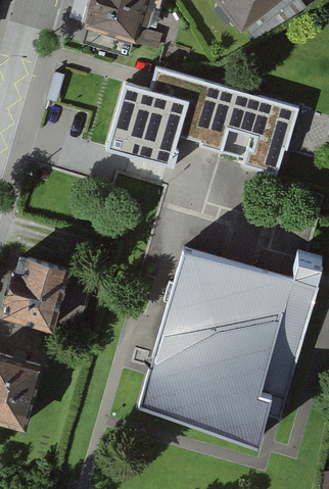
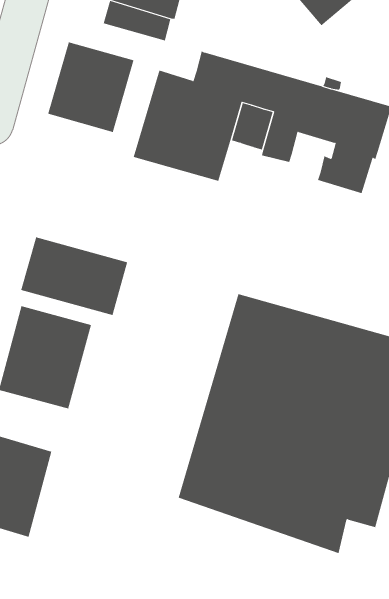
building: none -> [48,41,134,133]
building: none -> [21,237,128,316]

